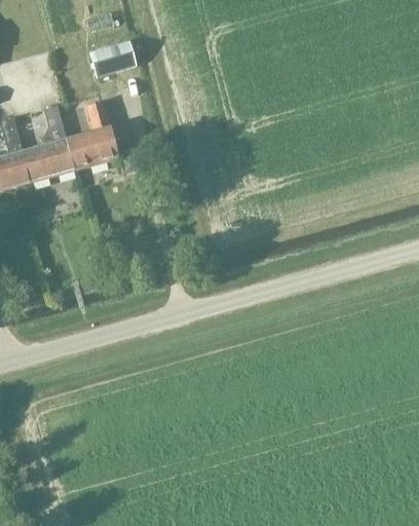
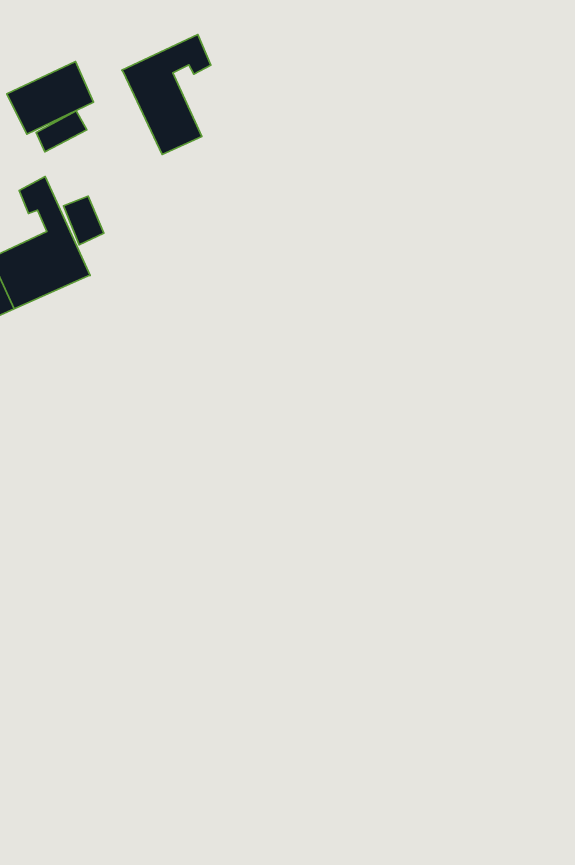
building: none -> [122,35,211,154]

